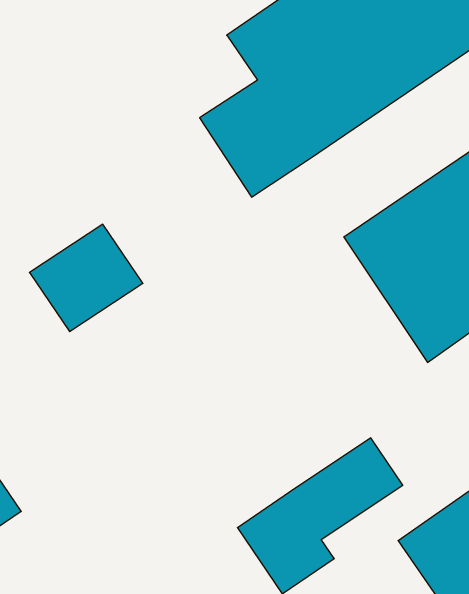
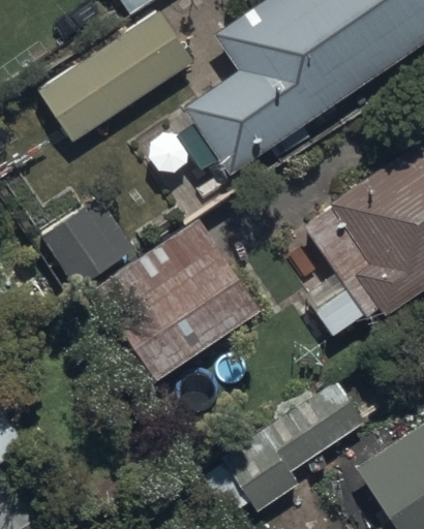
building: none -> [33,6,195,145]
building: none -> [88,224,260,387]

